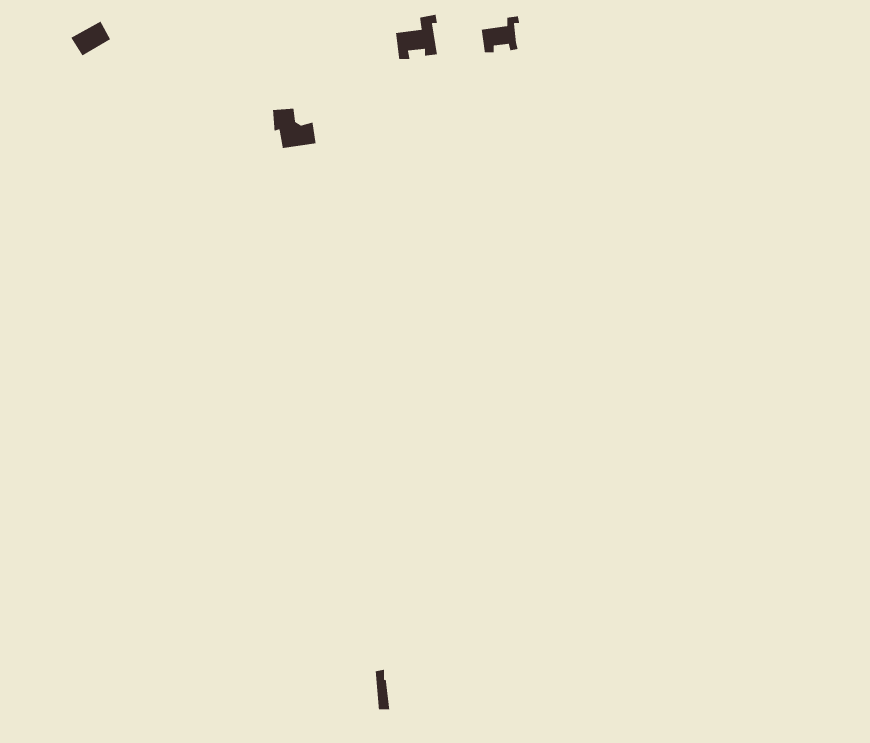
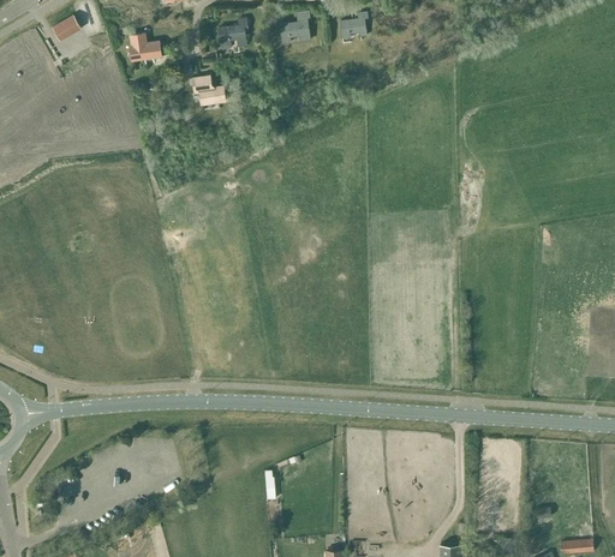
building: none -> [219,18,249,49]
building: none -> [129,34,161,60]

